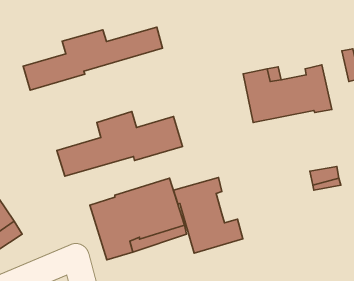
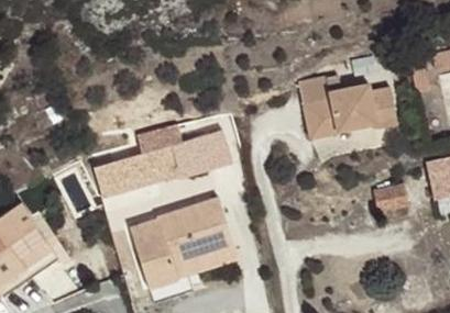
building: [23,27,163,90] -> none
building: [173,177,243,253] -> none

